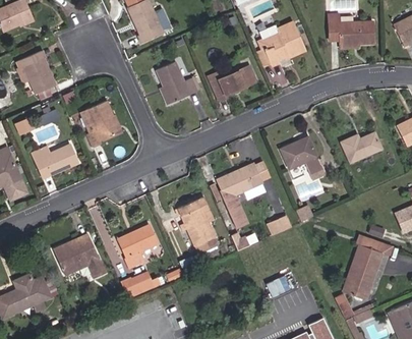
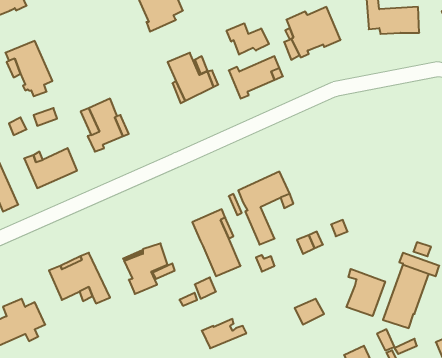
building: none -> [227,23,269,55]
building: [341,132,380,162] -> none
building: [281,136,325,179] -> none
building: none -> [346,269,385,316]
building: [120,272,159,297] -> [202,319,246,348]

